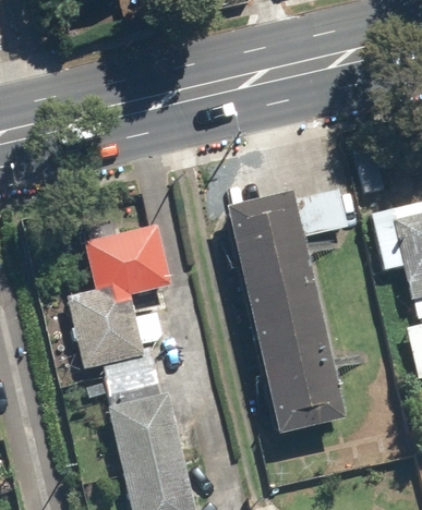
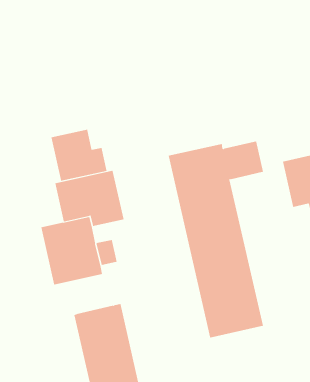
building: none -> [51,129,107,181]
building: [85,359,157,405] -> none

